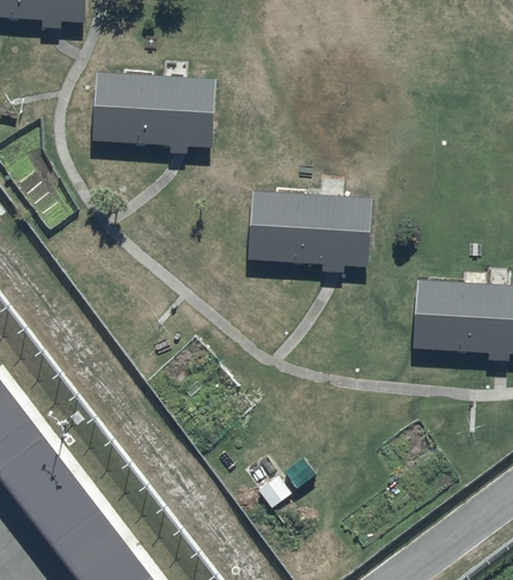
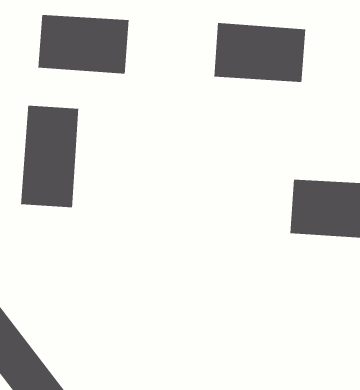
building: none -> [21,105,79,208]
building: [250,193,368,269] -> [213,22,306,82]

